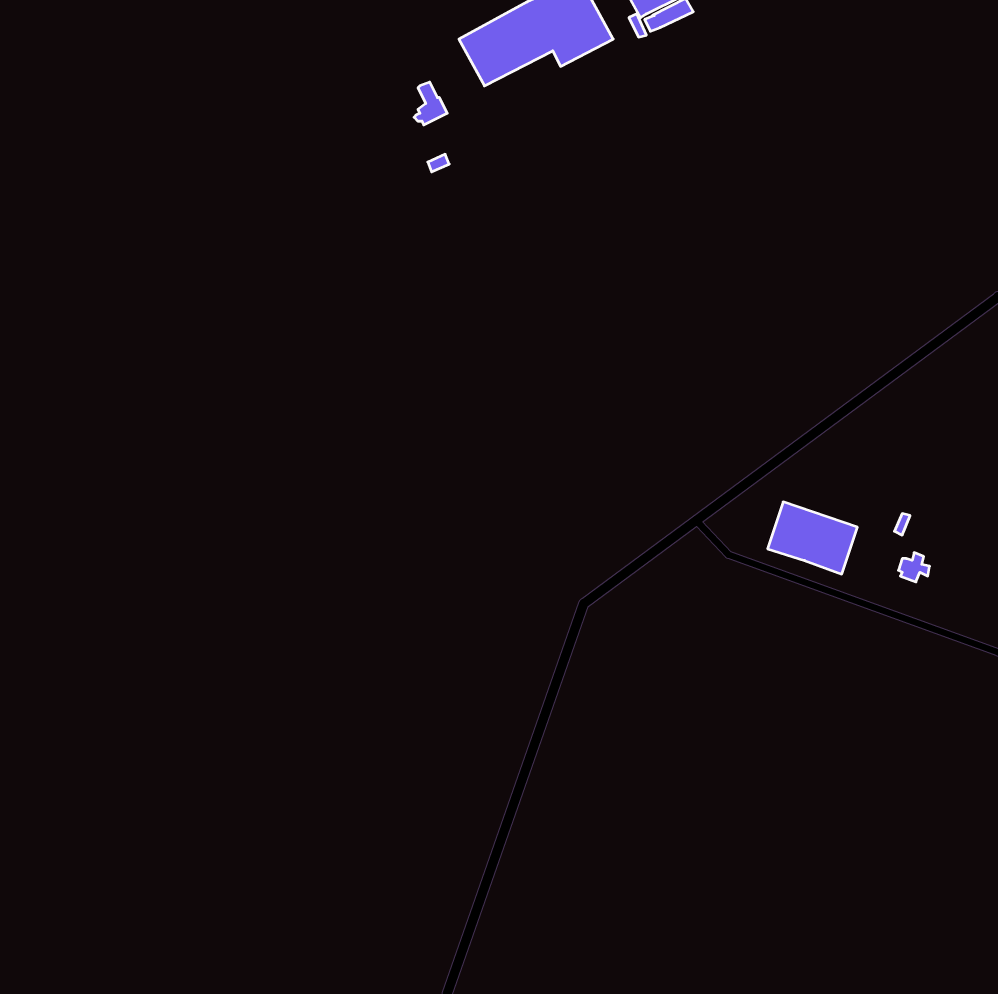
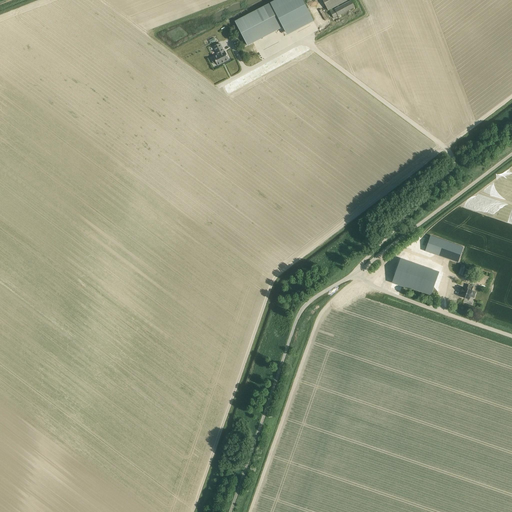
building: none -> [425,234,463,261]

